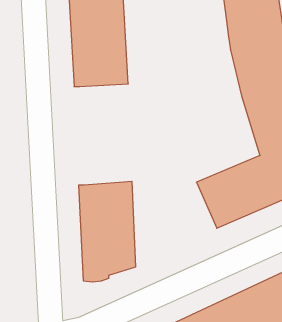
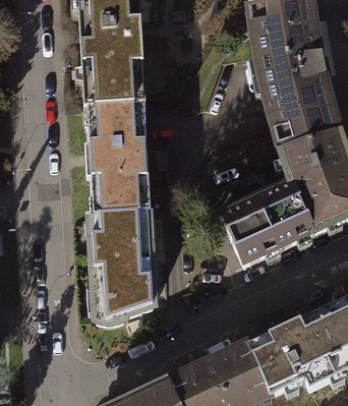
building: none -> [90,107,148,219]

